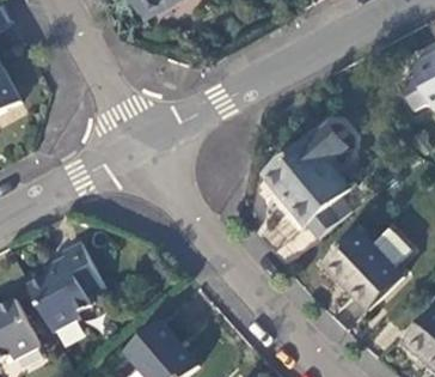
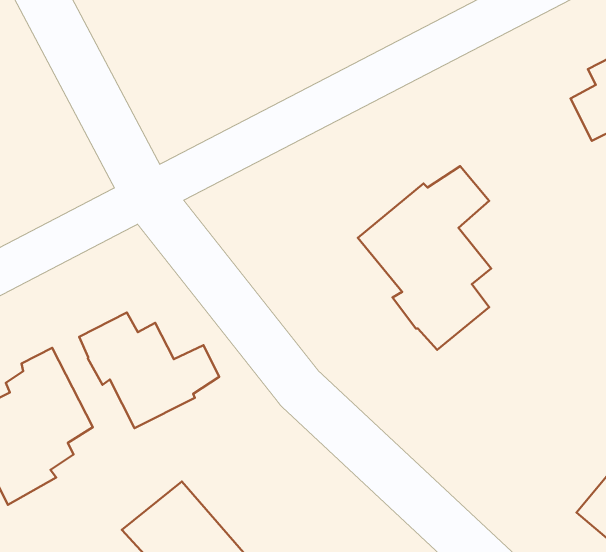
building: none -> [79,312,219,428]
building: [321,227,410,309] -> none

